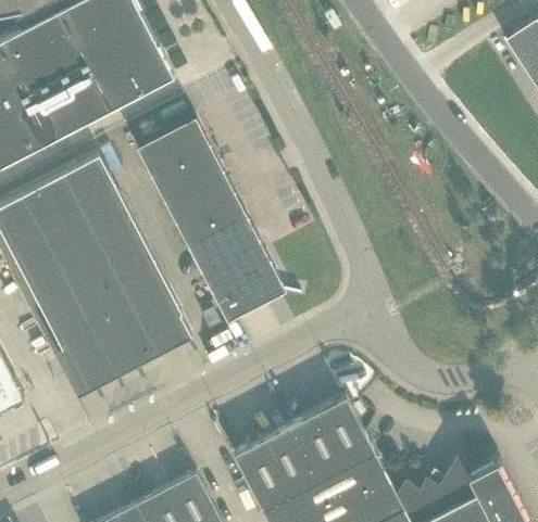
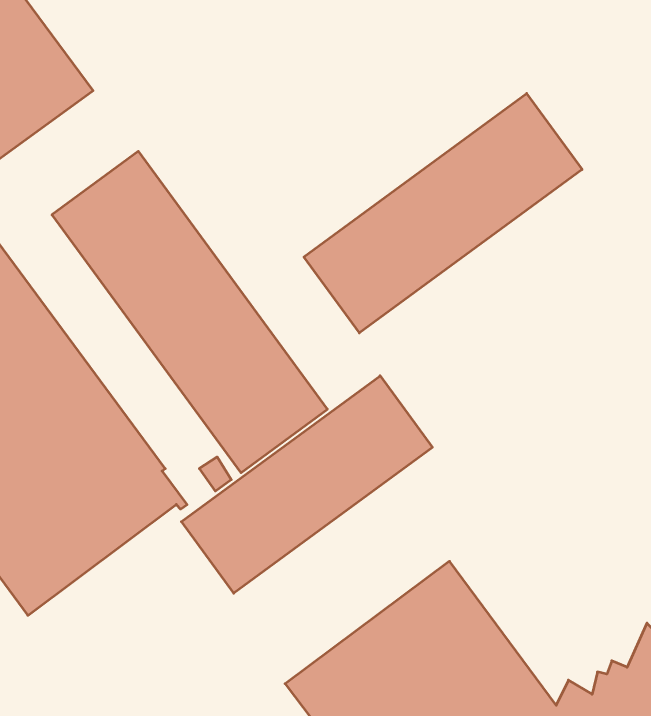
building: none -> [304,93,582,333]
building: none -> [181,376,432,593]

